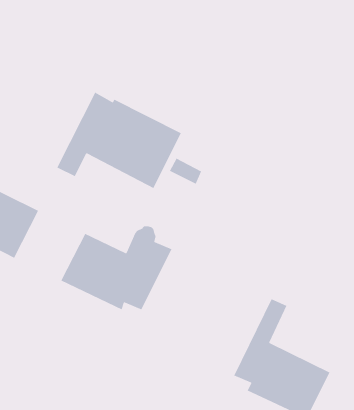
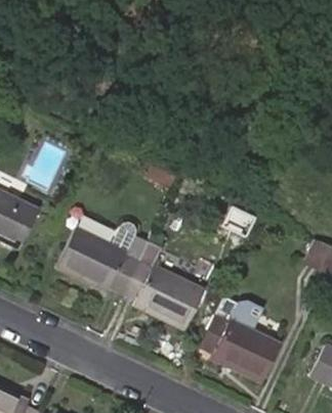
building: [56,92,182,189] -> none
building: none -> [124,241,204,329]

